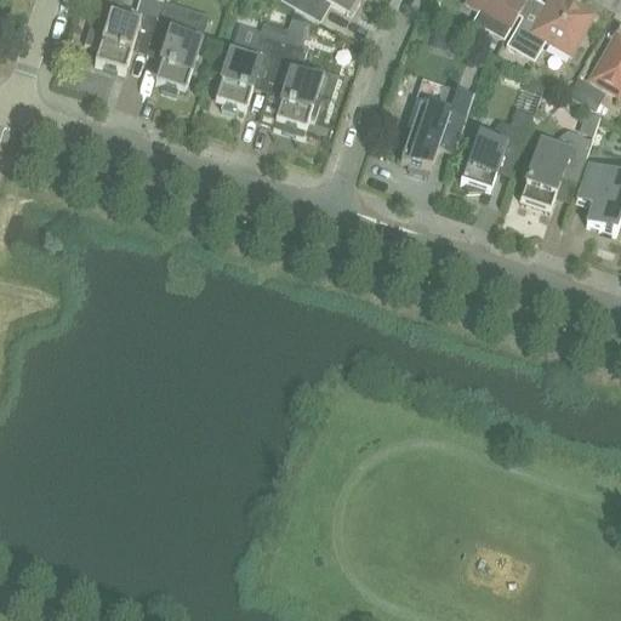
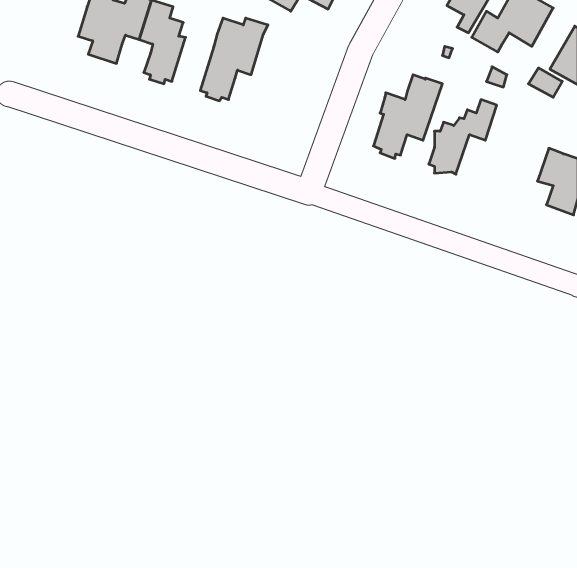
building: [270,36,325,132] -> none
building: [520,129,593,207] -> none

